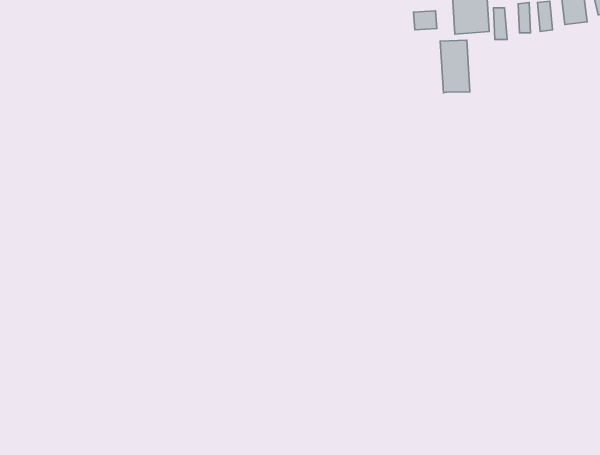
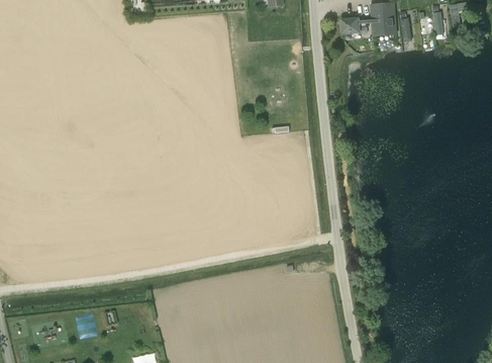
building: [440,40,470,93] -> none

